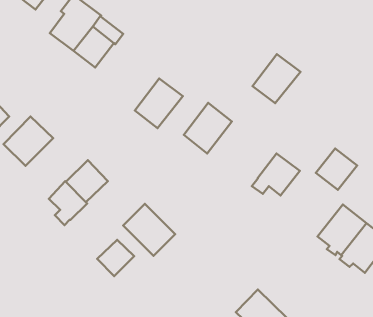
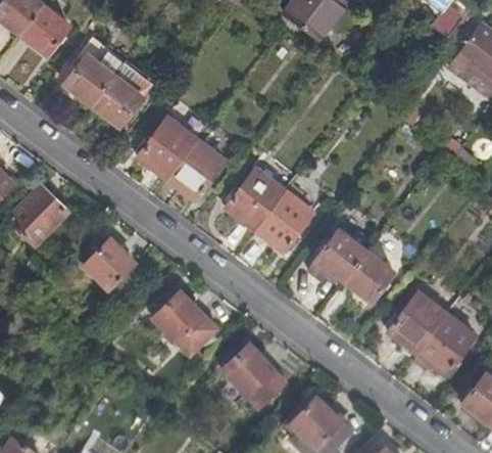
building: [252,54,300,103] -> [254,191,312,251]
building: none -> [137,117,196,178]
building: [316,149,357,190] -> [343,252,393,302]
building: [49,181,87,225] -> none
building: [97,240,134,276] -> none
building: none -> [220,344,285,408]

